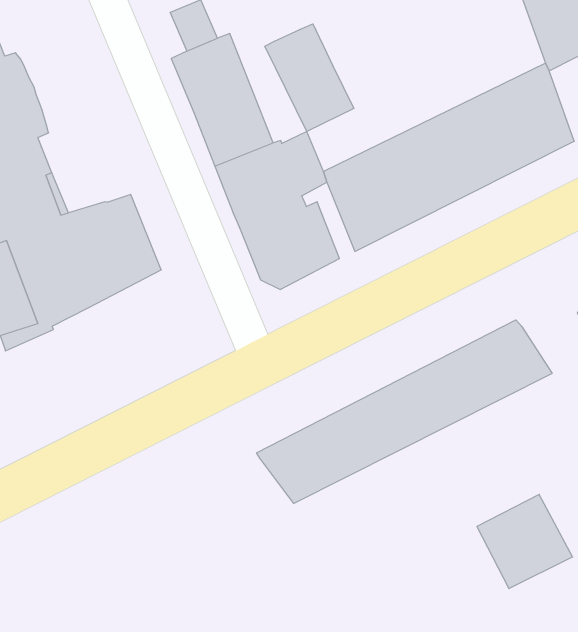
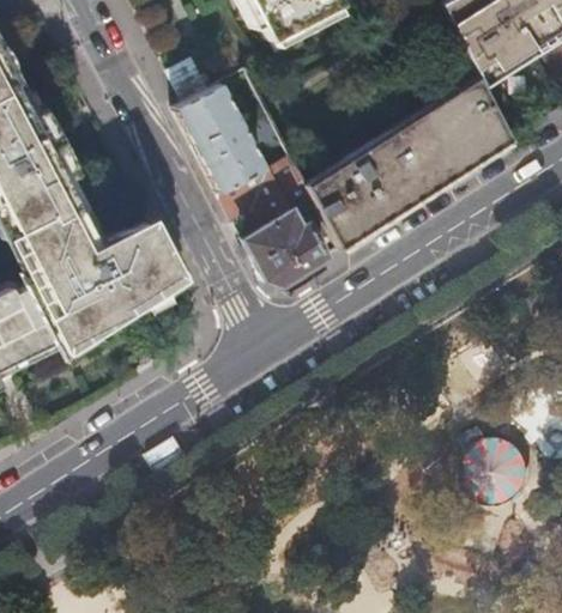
building: [265,24,354,131] -> none
building: [257,320,552,503] -> none

